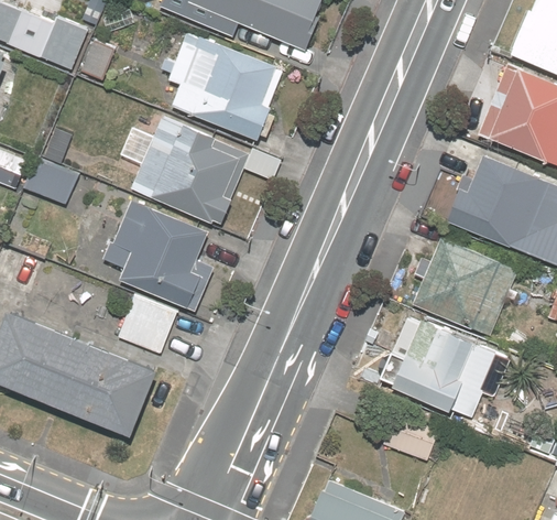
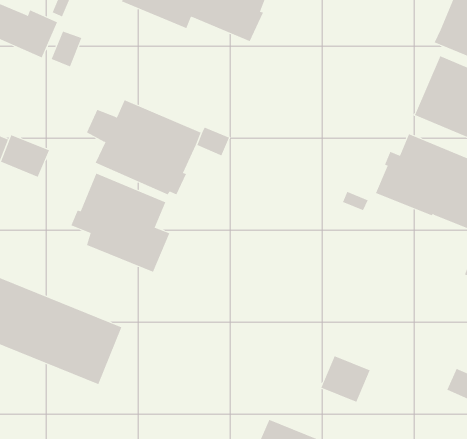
building: [160,32,282,141] -> none
building: [411,232,518,336] -> none
building: [117,293,177,354] -> none
building: [380,315,510,415] -> none

